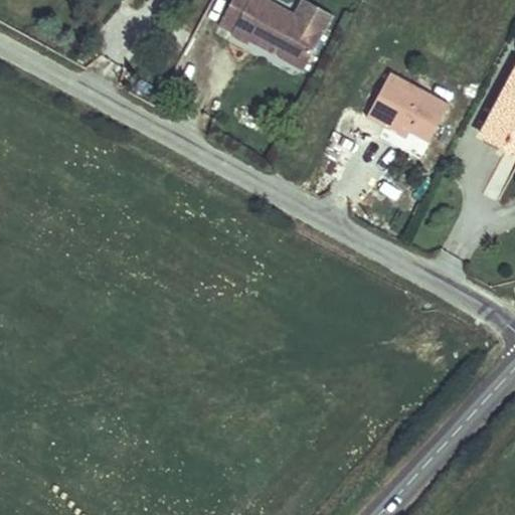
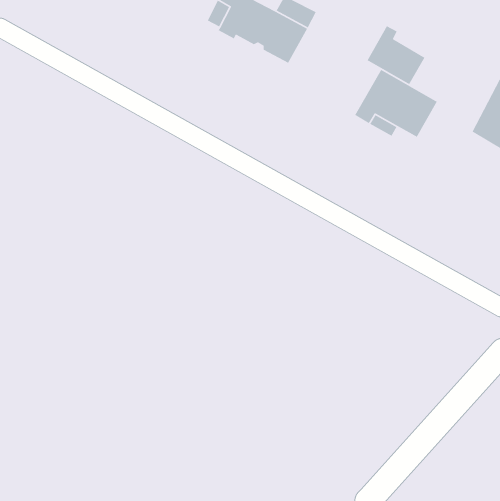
building: none -> [366,25,425,85]

